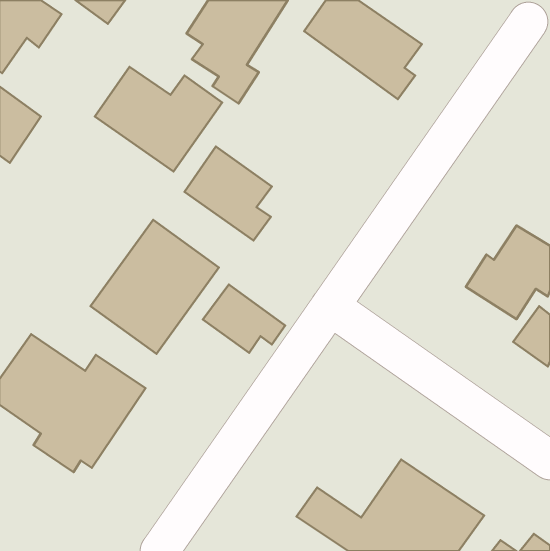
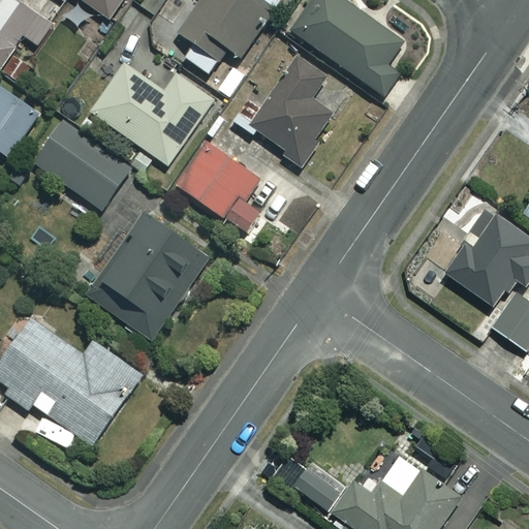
building: none -> [252,59,347,159]
building: none -> [32,122,129,208]
building: [203,284,285,353] -> none

